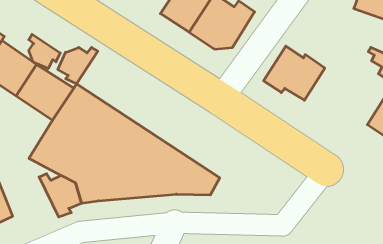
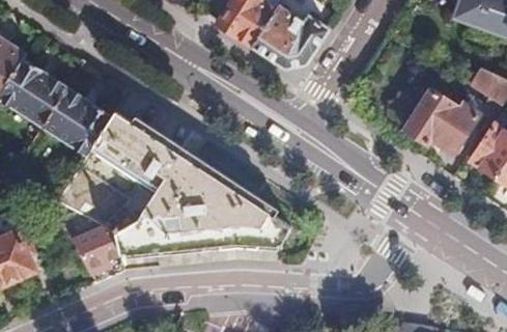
building: [29,34,60,69] -> none
building: [264,46,325,100] -> [403,85,478,151]
building: [58,47,98,84] -> none

